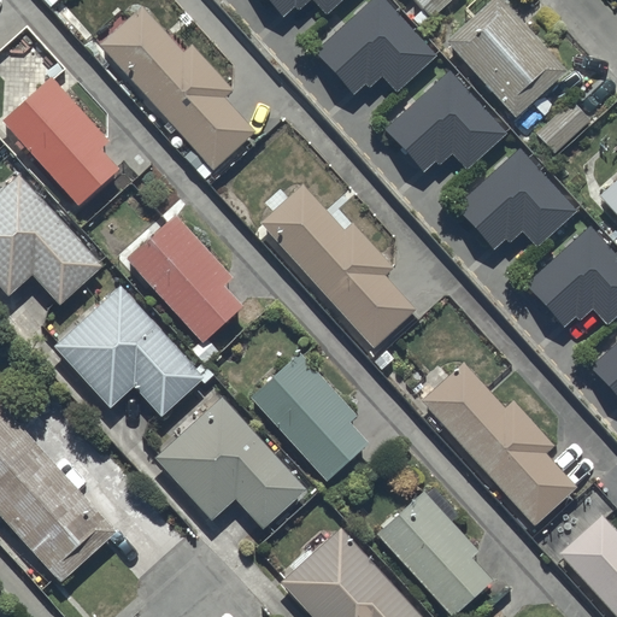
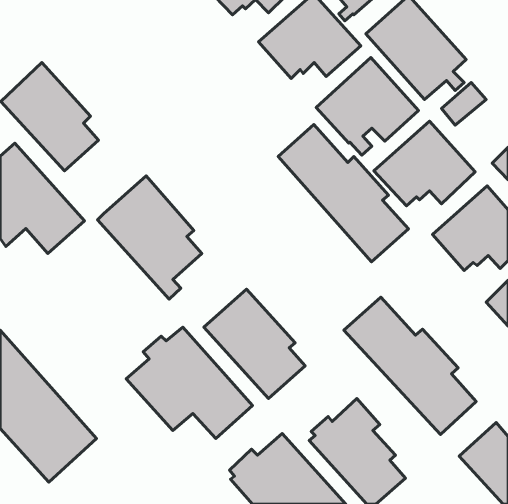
building: [98,5,258,172] -> none
building: [259,183,417,349] -> [278,125,408,262]
building: [52,287,217,418] -> none

